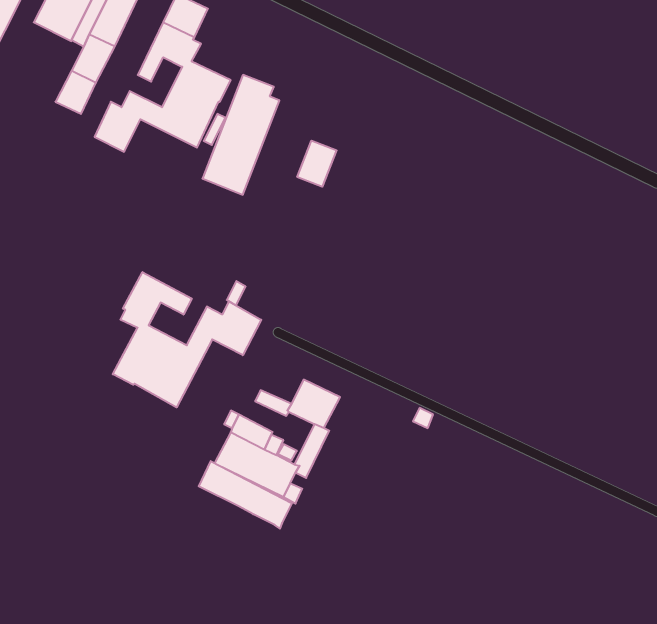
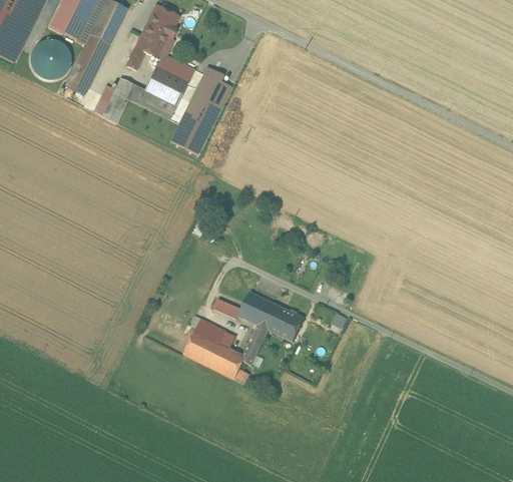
building: none -> [30,39,71,79]
building: [297,141,337,187] -> none
building: [113,272,261,407] -> none
building: none -> [265,305,304,342]
building: [199,461,292,529] -> none

